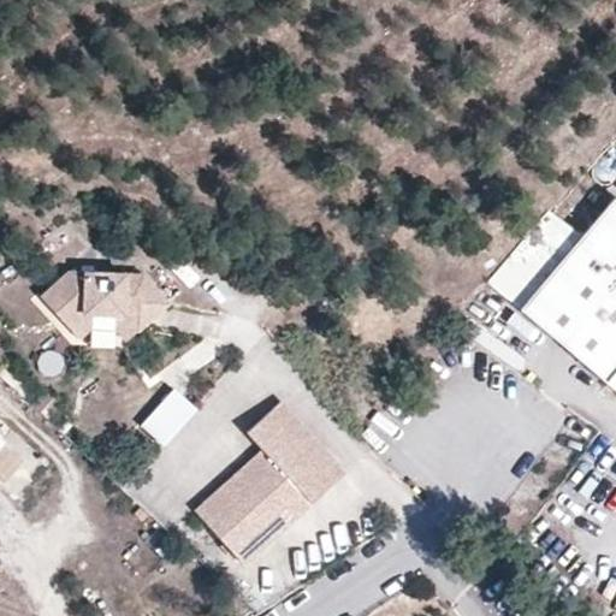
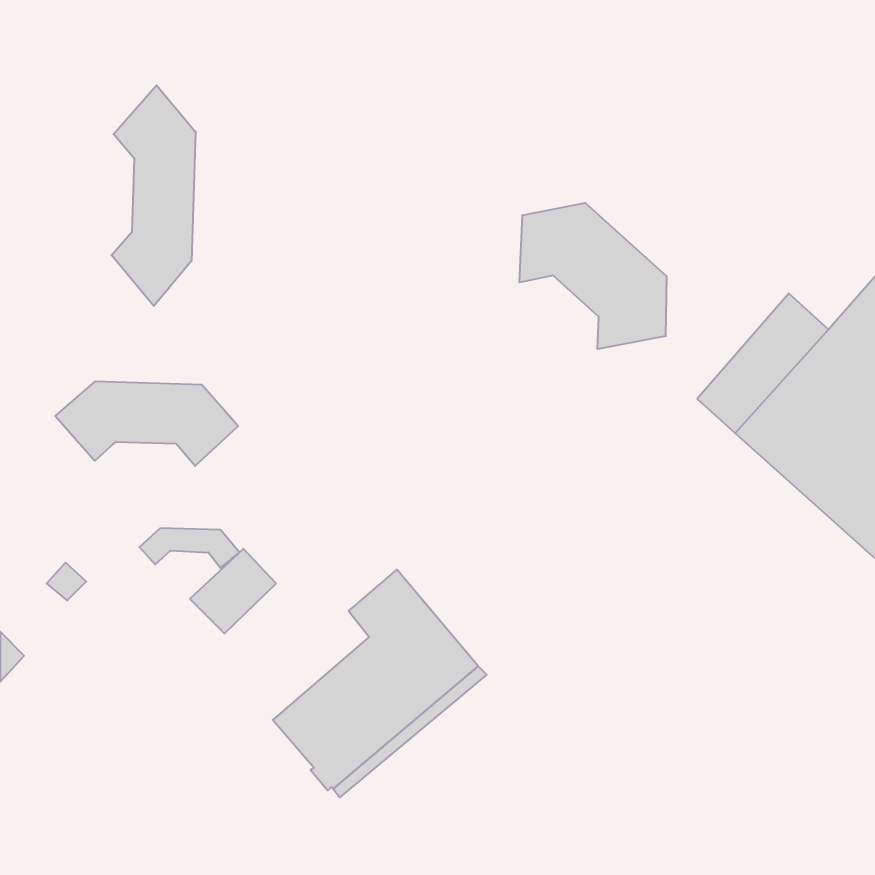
building: none -> [111,85,196,306]
building: none -> [520,203,667,349]
building: [71,313,141,340] -> [139,528,240,568]

